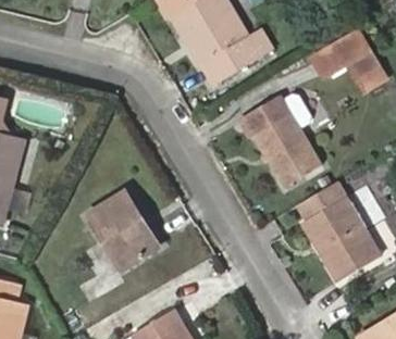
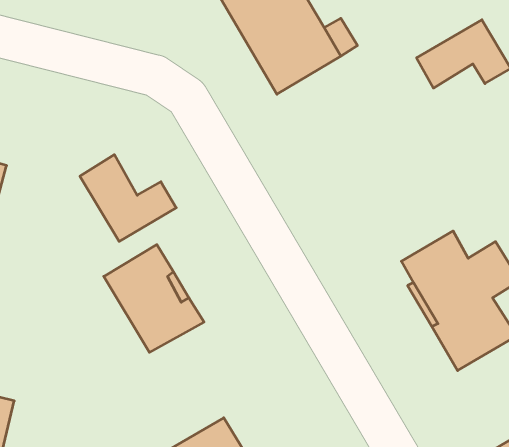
building: [246,99,321,189] -> none
building: none -> [80,155,176,241]

